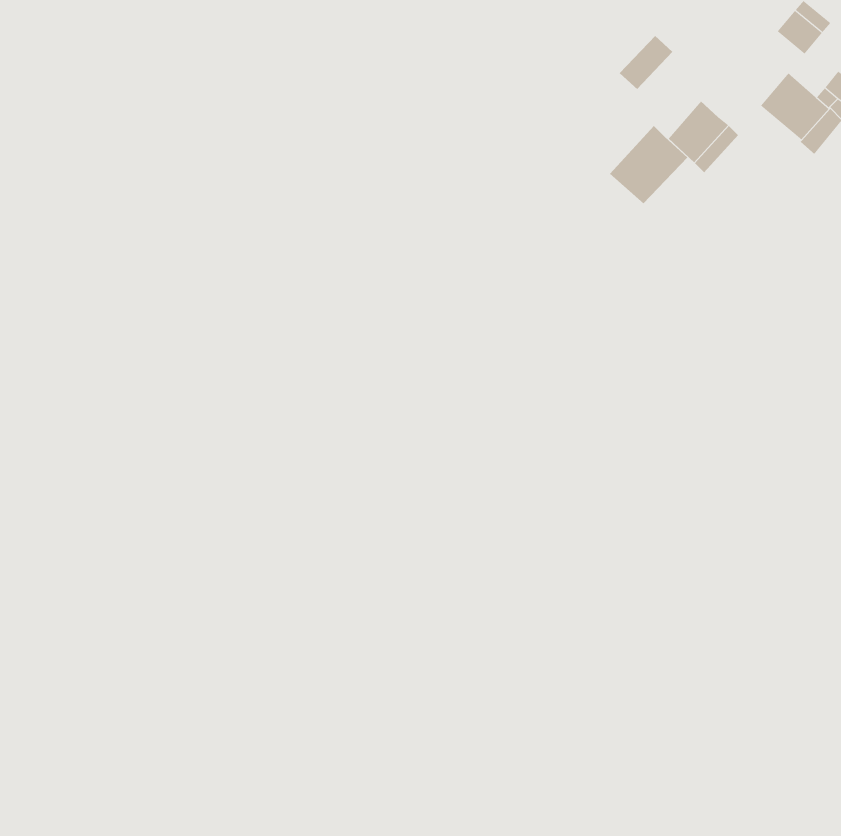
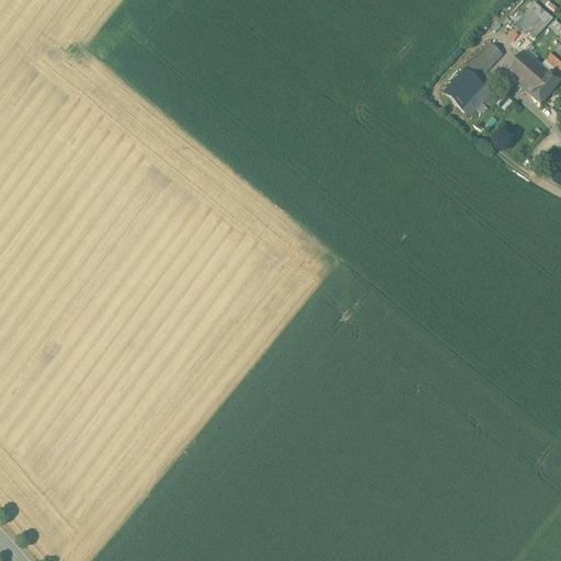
building: [619,35,673,90] -> [467,42,503,78]
building: [609,125,688,204] -> none

